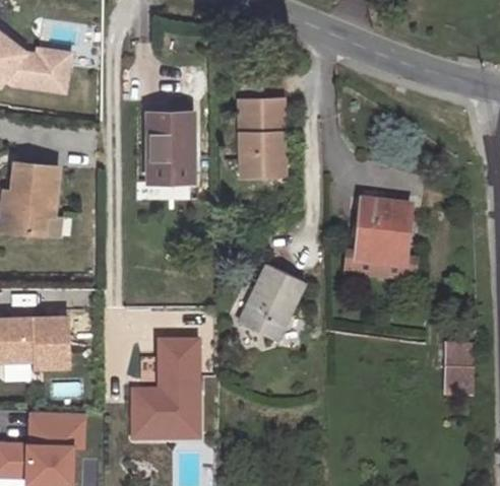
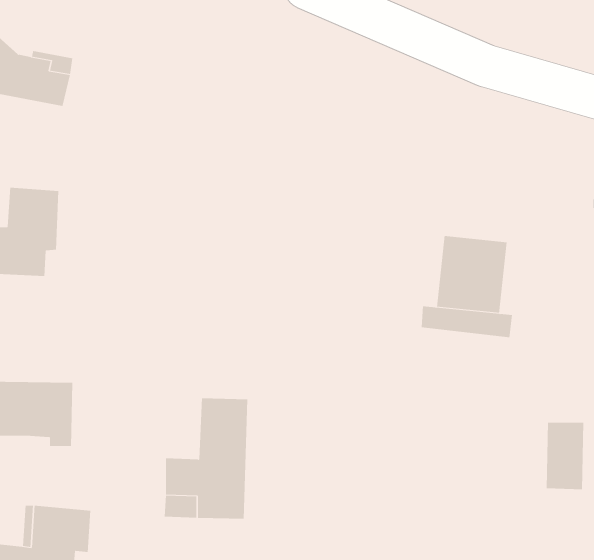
building: [238,98,285,176] -> none
building: [148,116,190,185] -> none
building: [236,260,304,339] -> none

